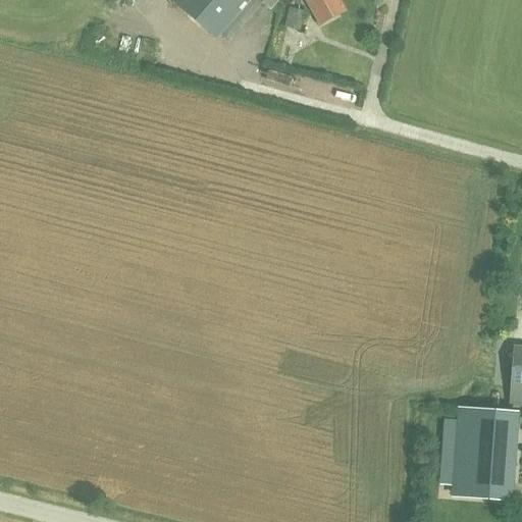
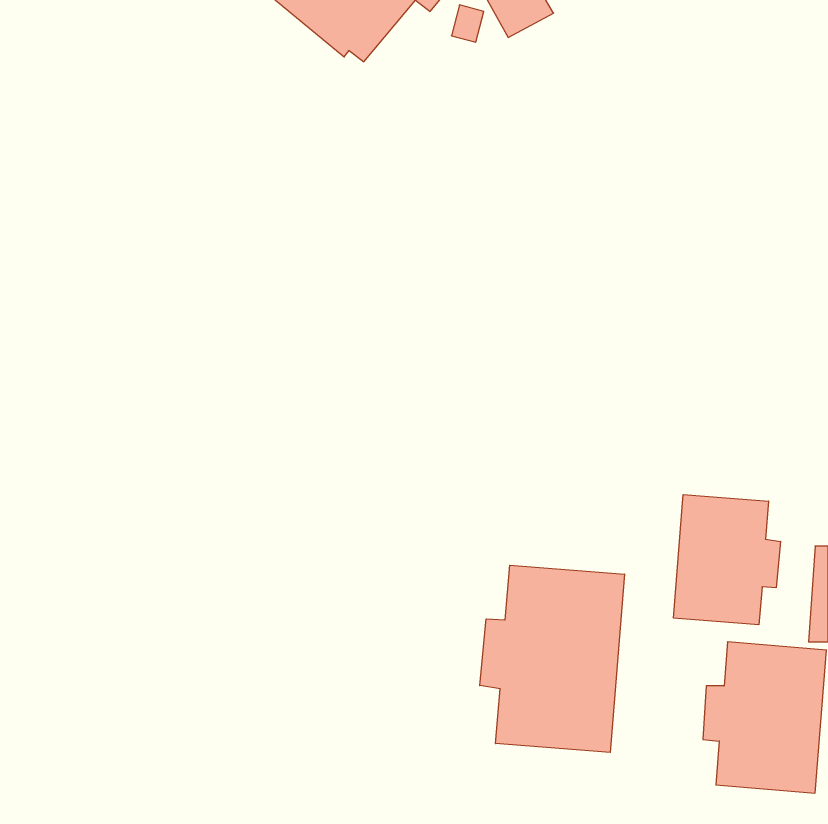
building: none -> [674,495,781,625]
building: none -> [480,565,624,752]

